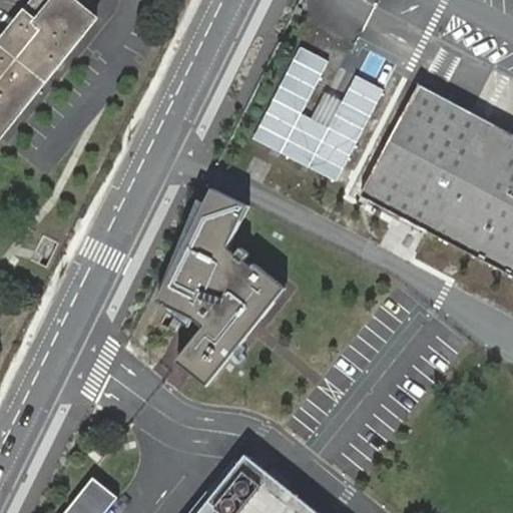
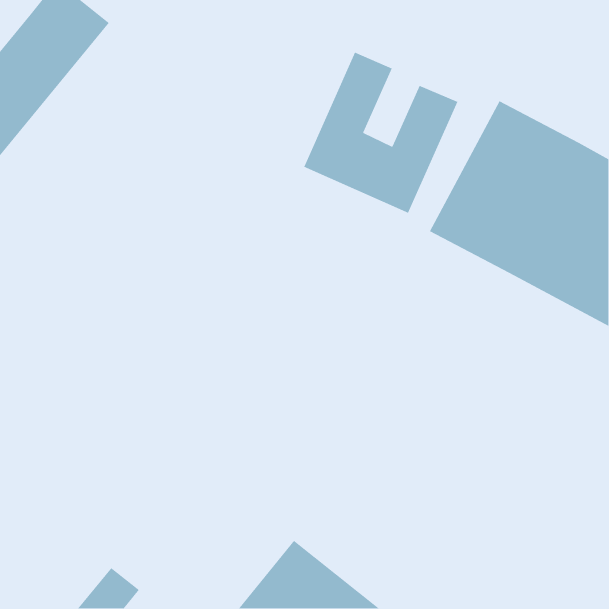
building: [162,190,286,387] -> none

